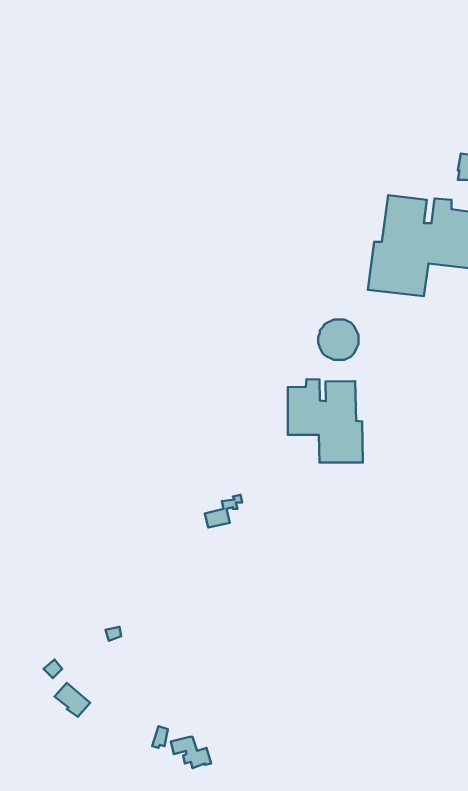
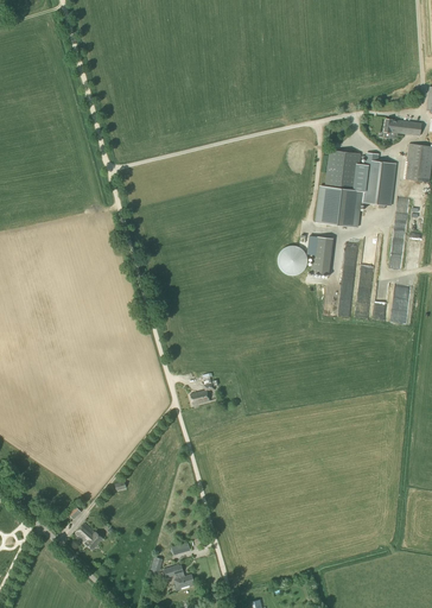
building: none -> [311,233,333,271]
building: [288,379,363,463] -> none

